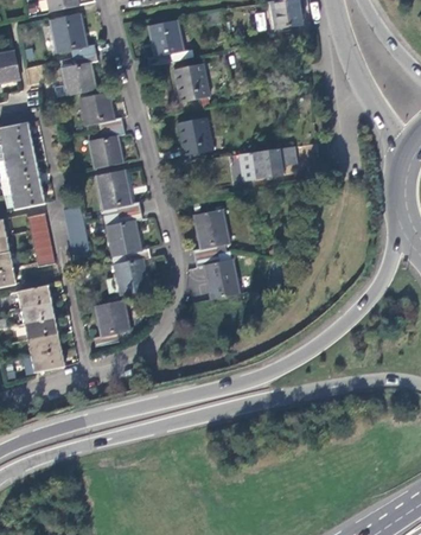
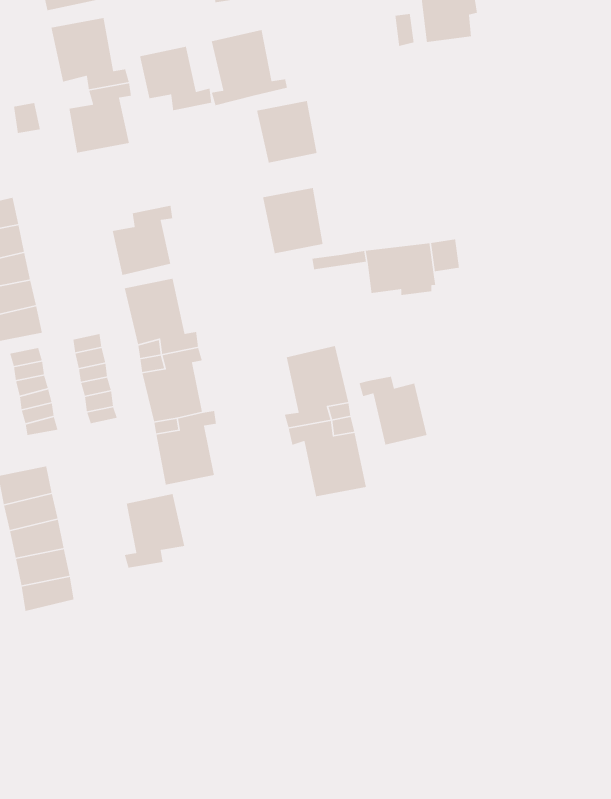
building: [78,91,122,130] -> [139,46,212,111]
building: none -> [359,376,428,446]

